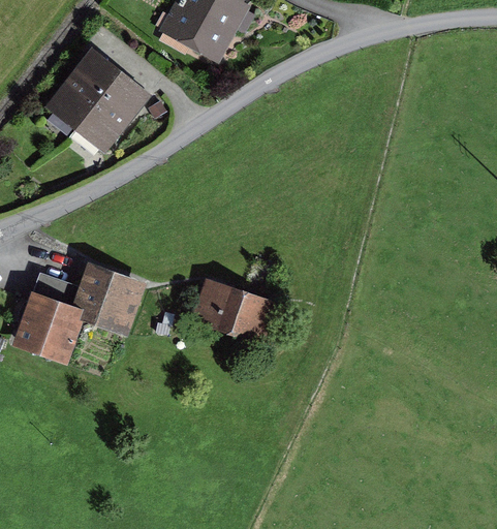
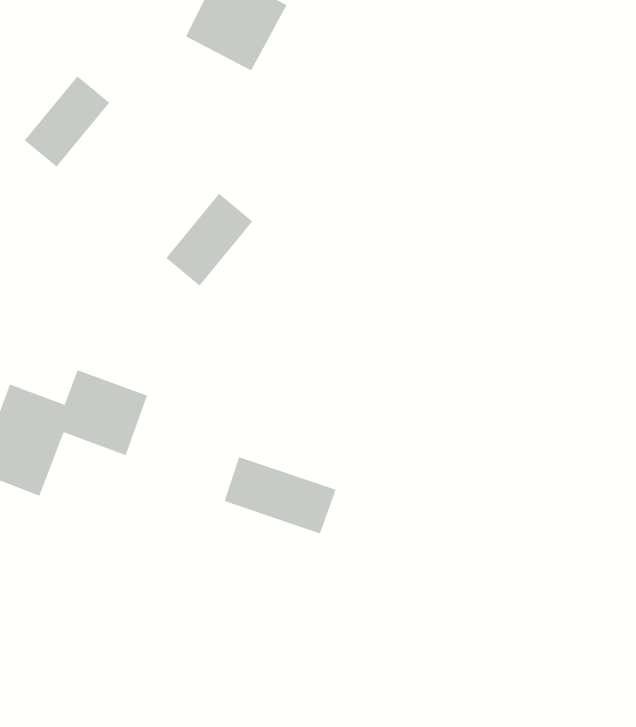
building: [74,76,137,144] -> [165,193,253,287]
building: [195,283,276,339] -> [224,456,336,534]

